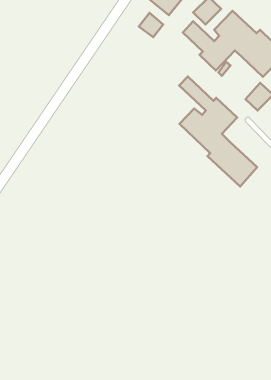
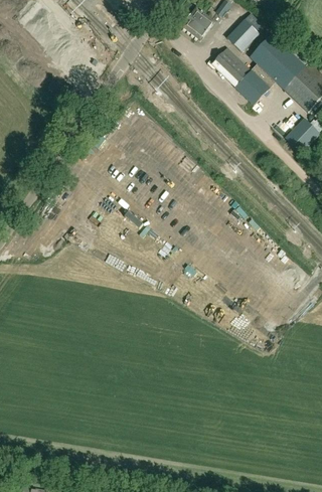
building: [139,13,163,37] -> none
building: [179,77,257,186] -> none

